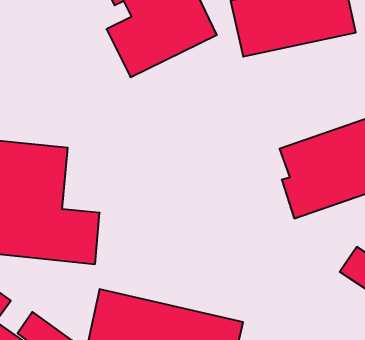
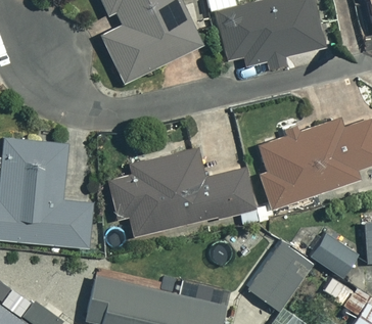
building: none -> [108,150,258,236]
building: none -> [247,244,311,311]

